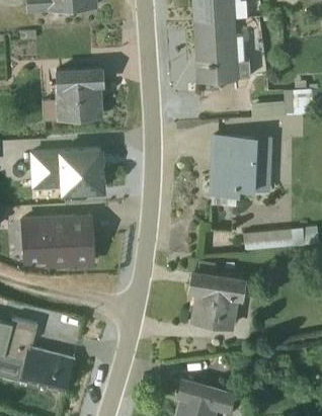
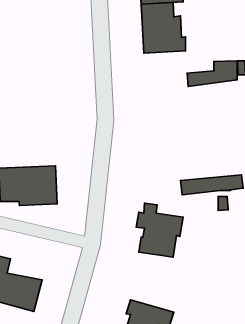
building: [42,68,103,120] -> none
building: [211,137,272,206] -> none
building: [29,150,103,193] -> none

